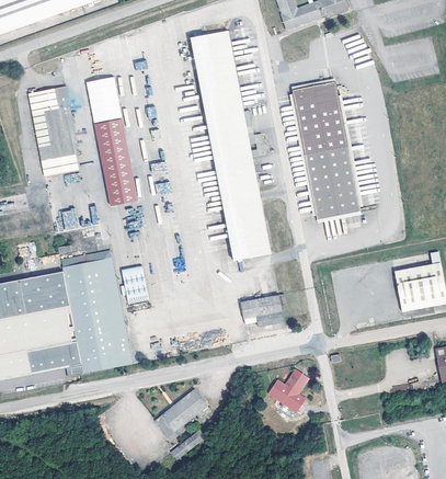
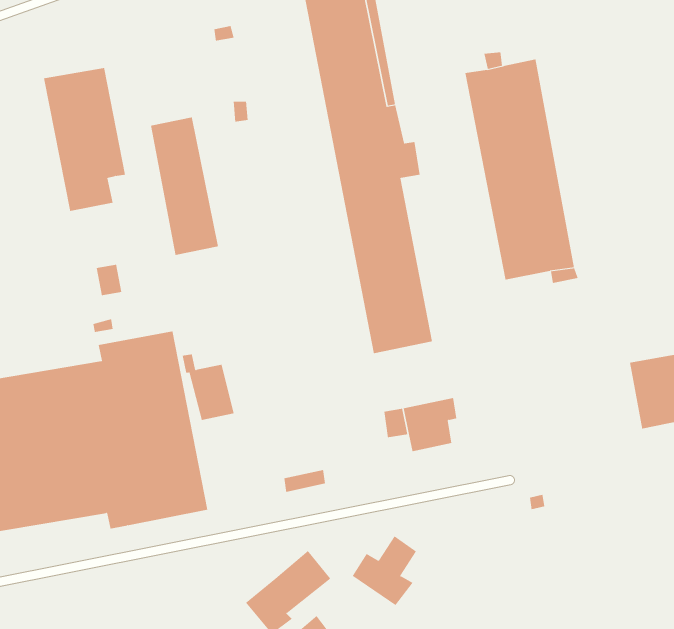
building: [87,76,121,122] -> none
building: [267,367,308,411] -> [352,536,417,606]

